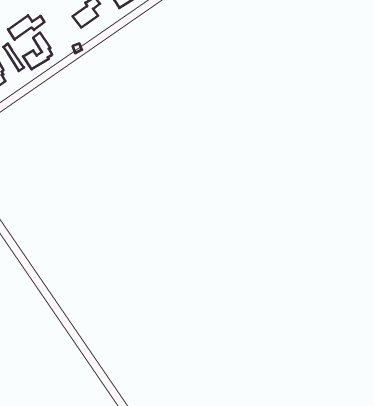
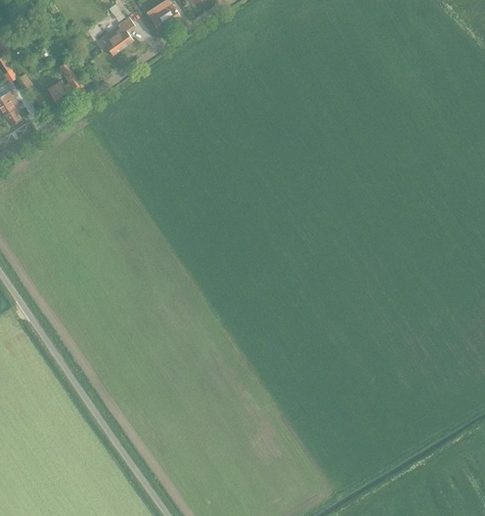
building: [8,15,44,40] -> none

